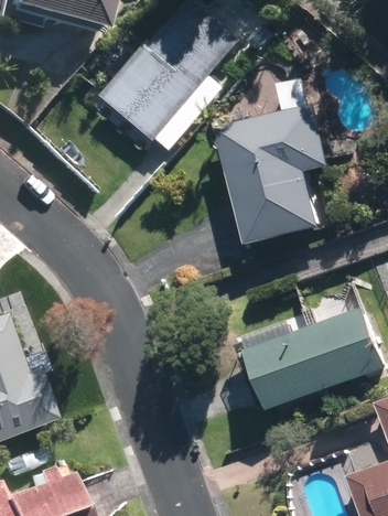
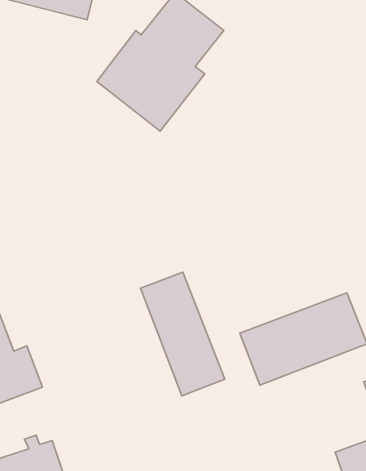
building: [220,108,326,244] -> none
building: none -> [140,272,225,396]

